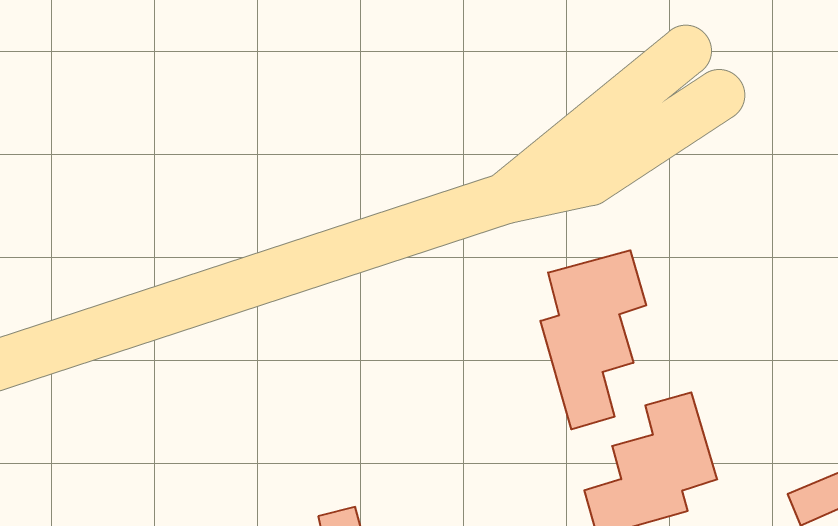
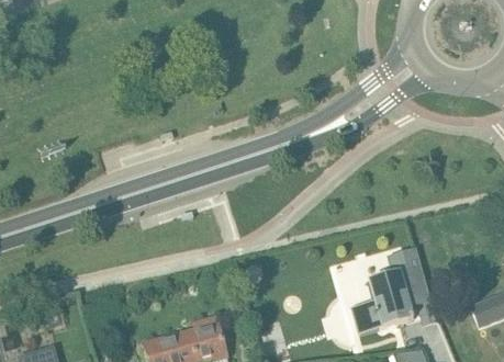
building: [540,250,646,429] -> none

